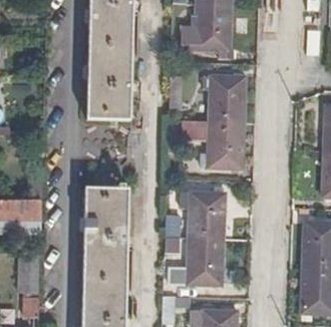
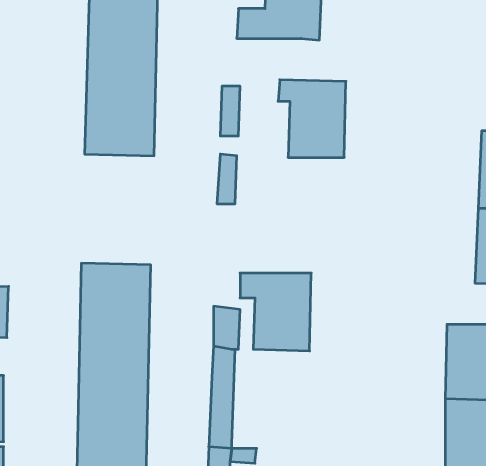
building: [182,119,244,168] -> none
building: [179,237,223,285] -> none

